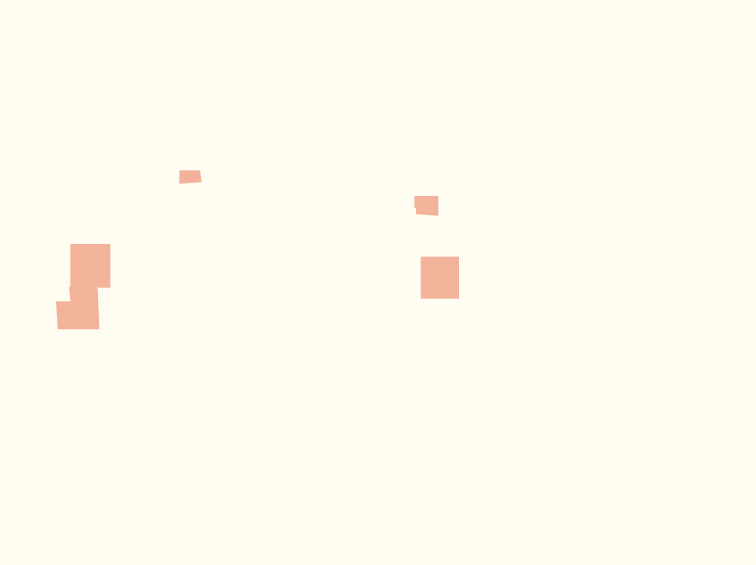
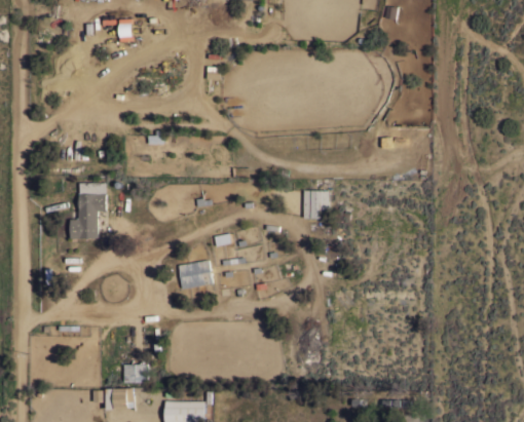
building: none -> [177,260,212,289]
building: none -> [123,365,147,383]

